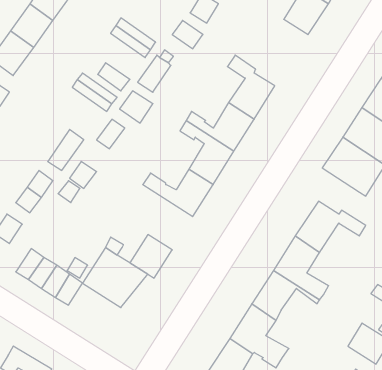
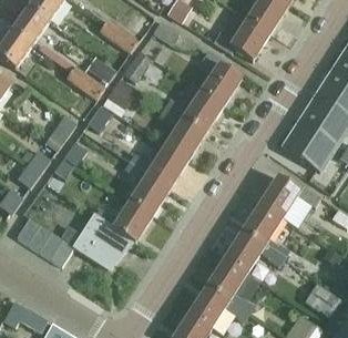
building: none -> [213,19,269,61]
building: none -> [122,162,170,218]

